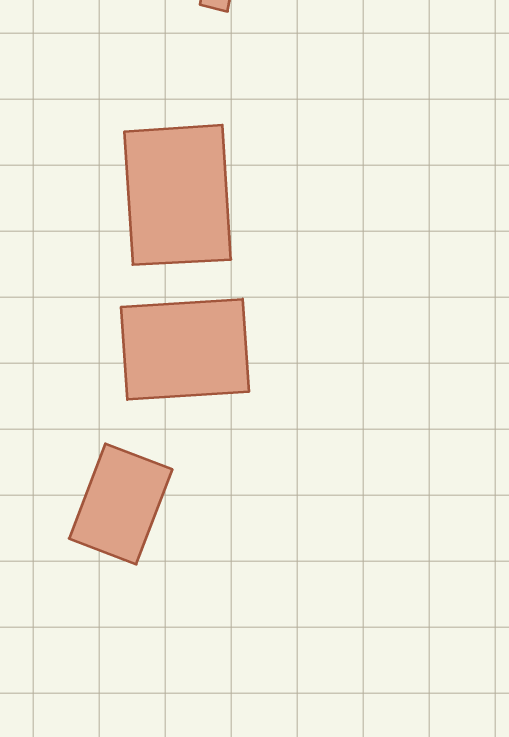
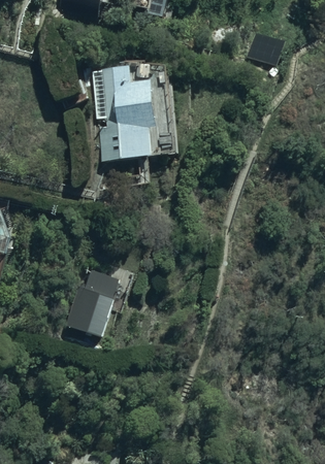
building: [121,299,249,400] -> none

